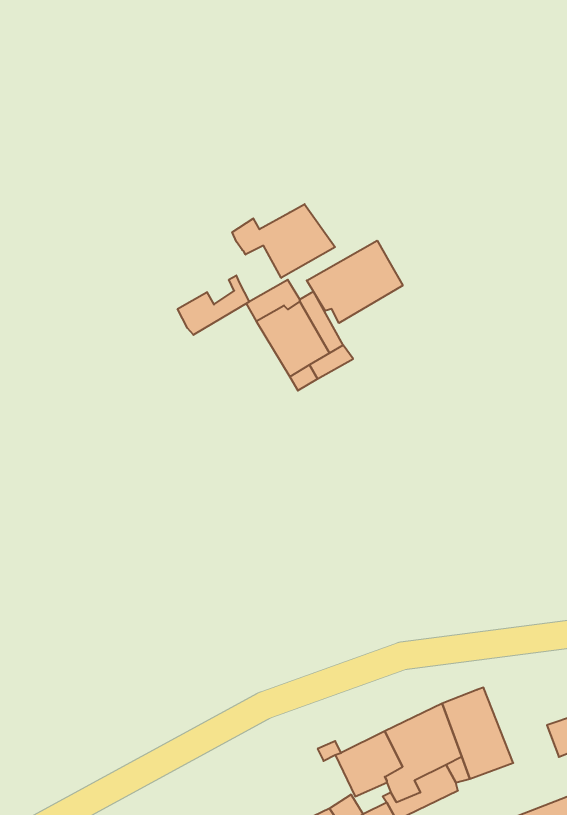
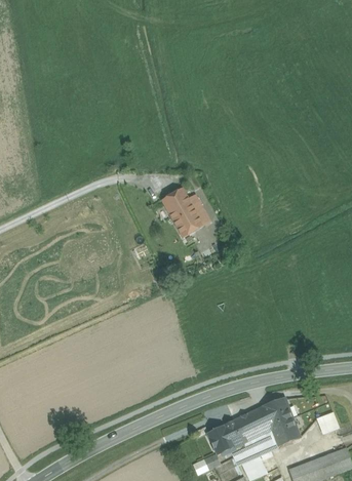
building: [232,204,335,278] -> none
building: [307,241,403,323] -> none
building: [178,275,249,335] -> none

